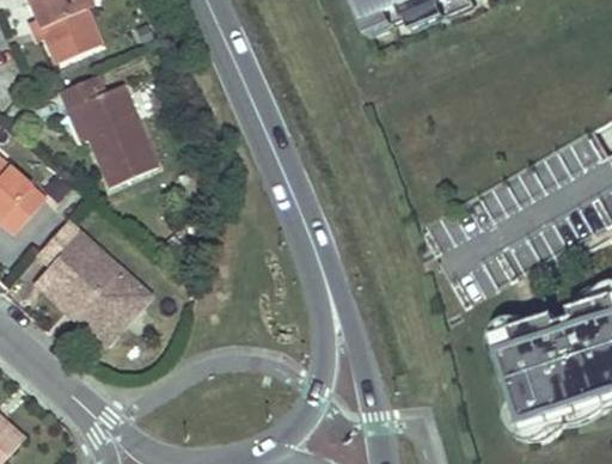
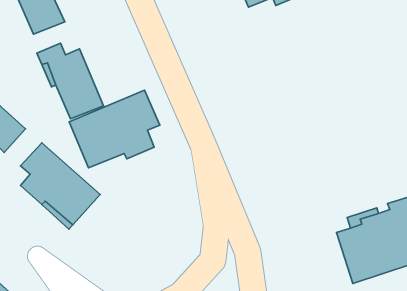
building: none -> [69,90,160,168]

